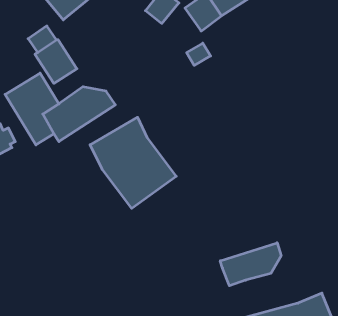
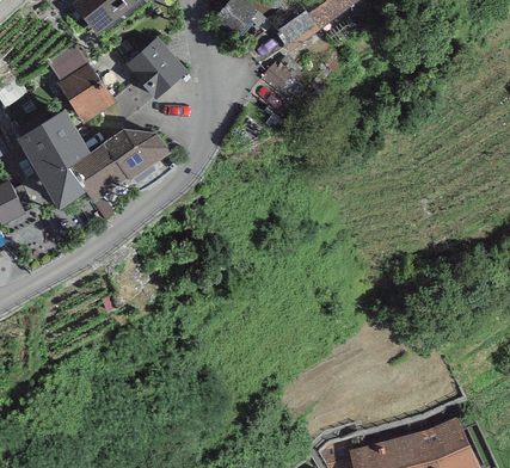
building: none -> [125,37,188,99]
building: [90,117,176,208] -> none
building: [220,243,281,286] -> none

